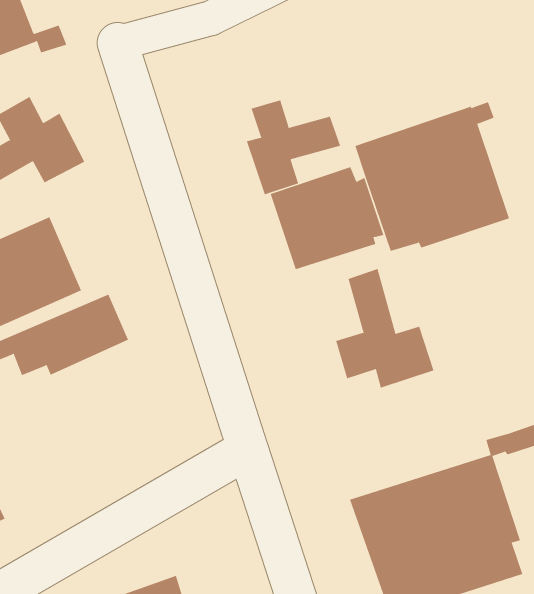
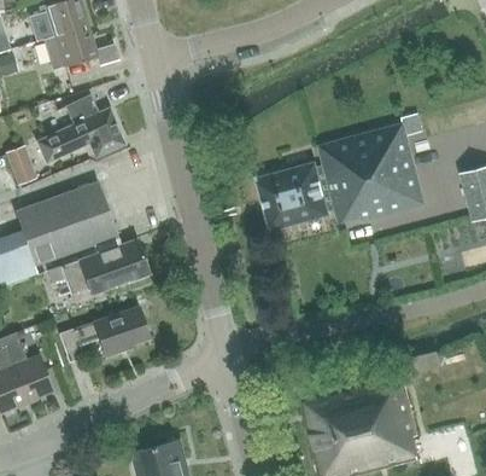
building: [246,100,341,195] -> none
building: [336,268,434,389] -> none
building: none -> [58,308,150,362]

